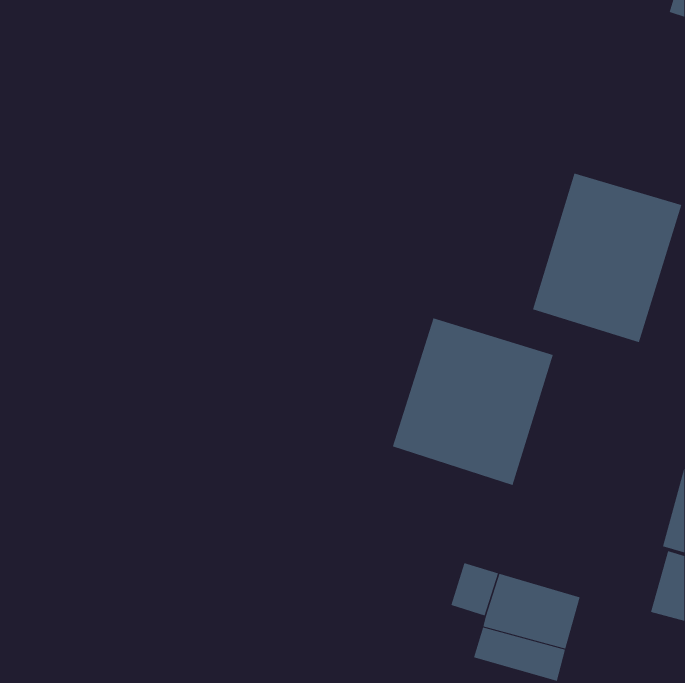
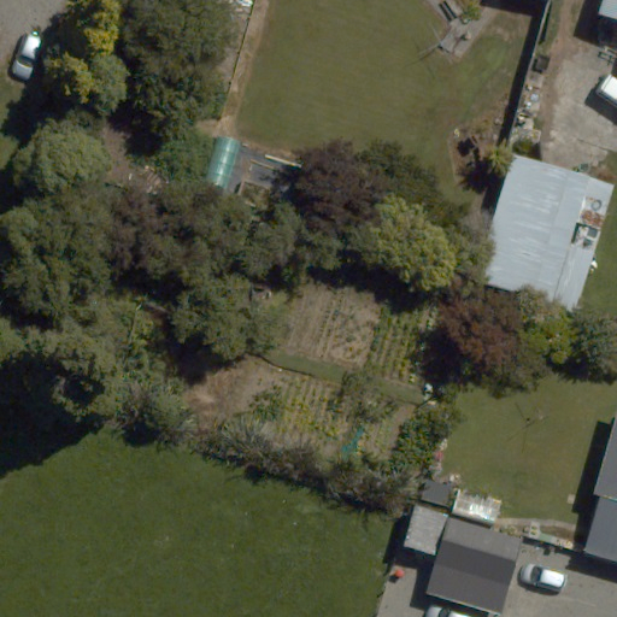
building: [392,317,554,486] -> none

